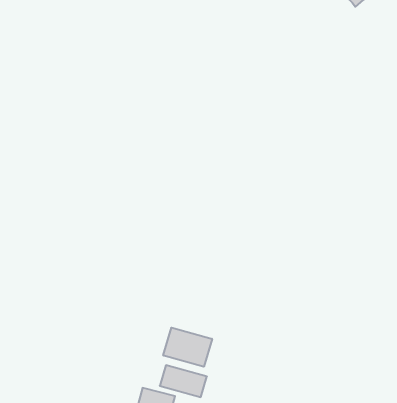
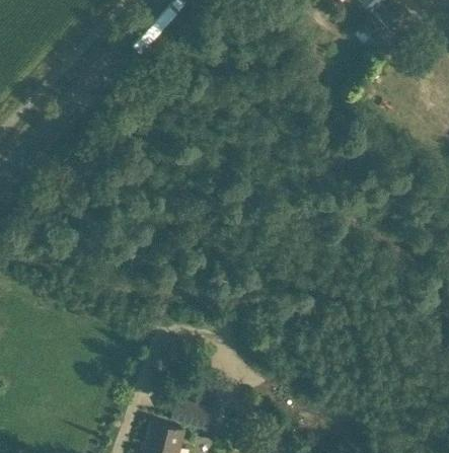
building: [163,328,212,367] -> none

